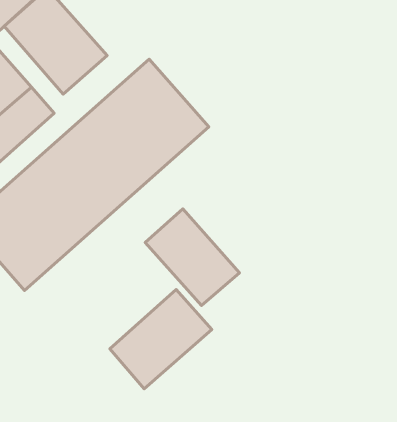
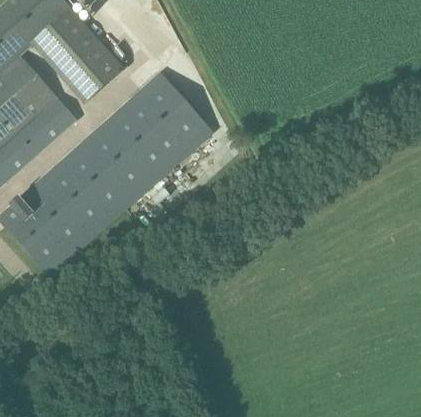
building: [145,209,239,305] -> none
building: [110,290,212,389] -> none

